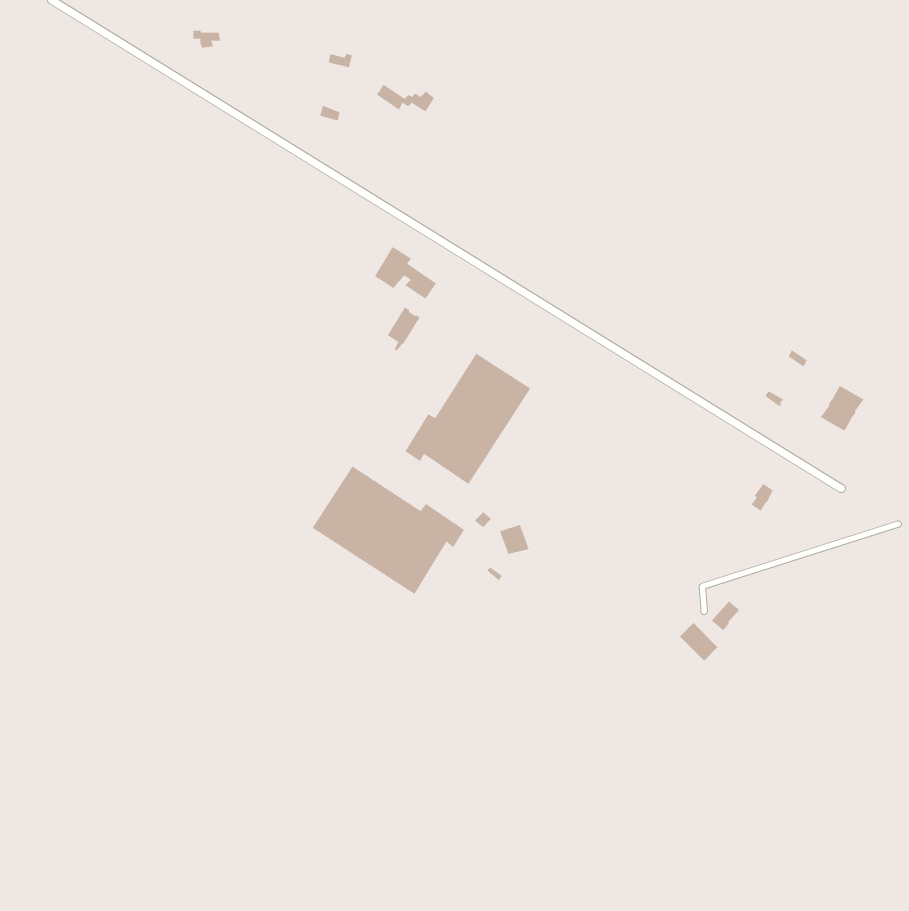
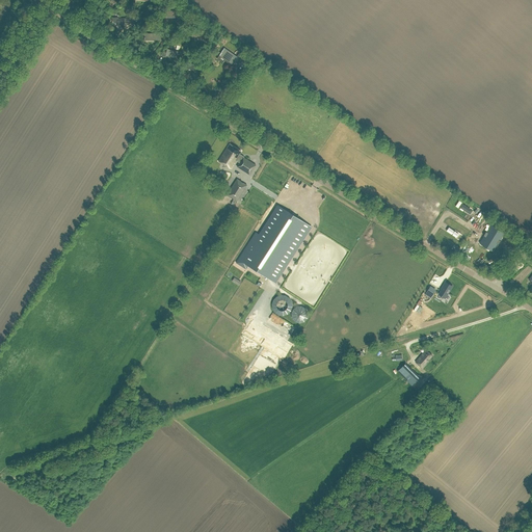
building: [312,466,465,595] -> none

